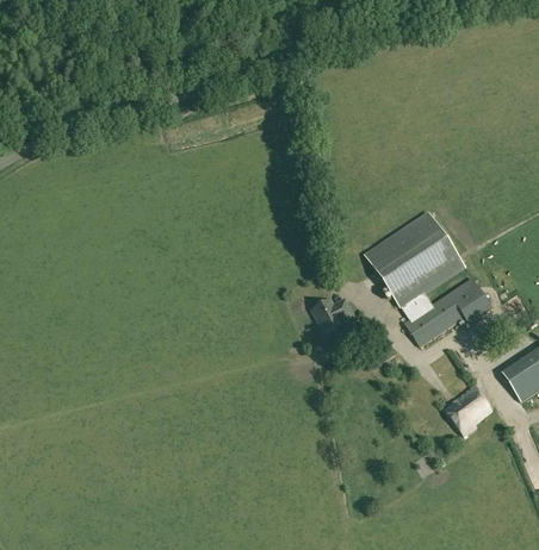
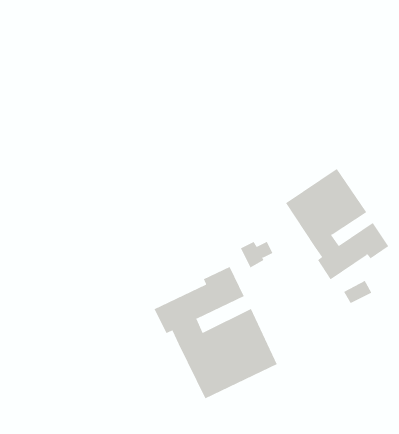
building: none -> [154,266,277,399]
building: [444,385,491,436] -> none

